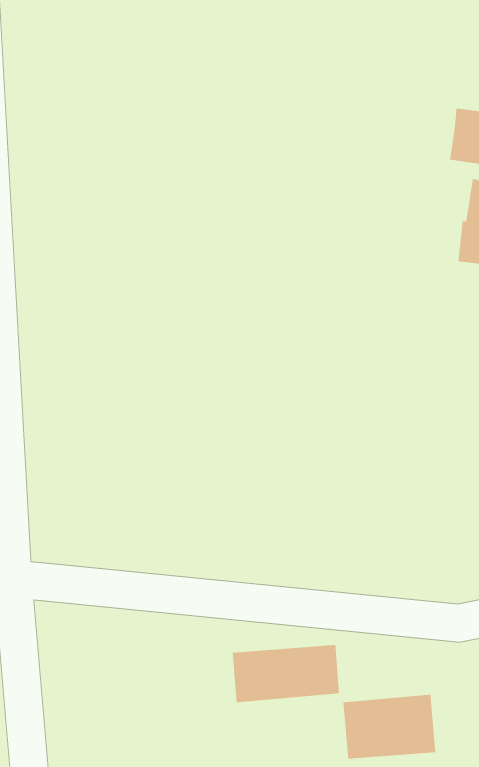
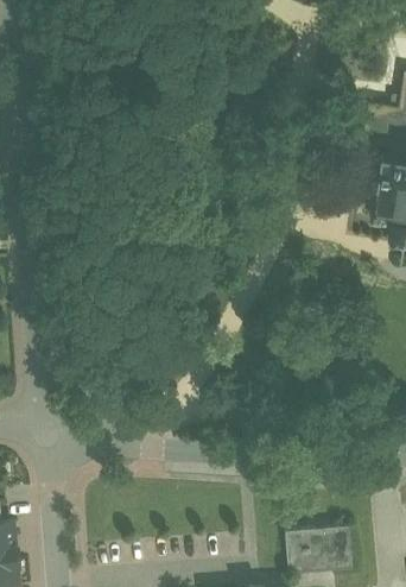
building: [232,644,340,703] -> none

